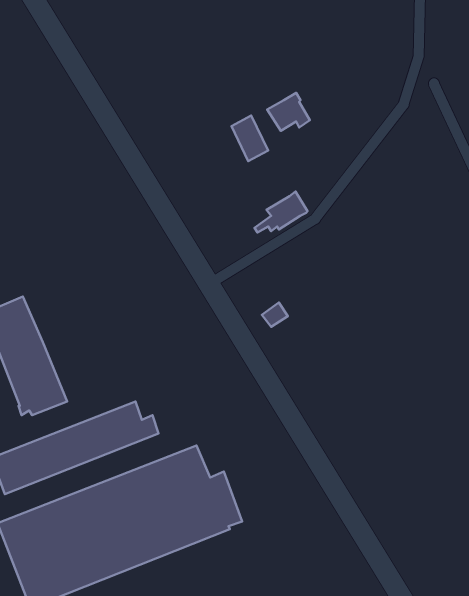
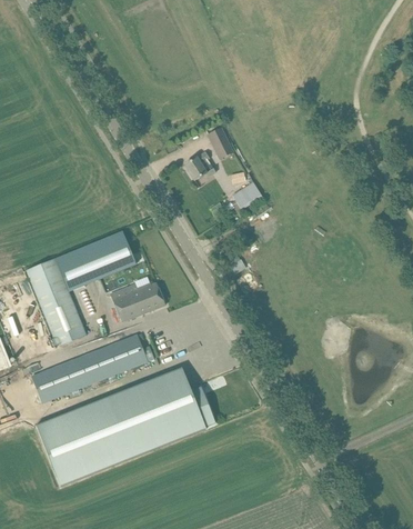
building: [267,93,310,131] -> [184,151,215,179]
building: none -> [54,230,135,291]
building: none -> [110,282,164,321]

